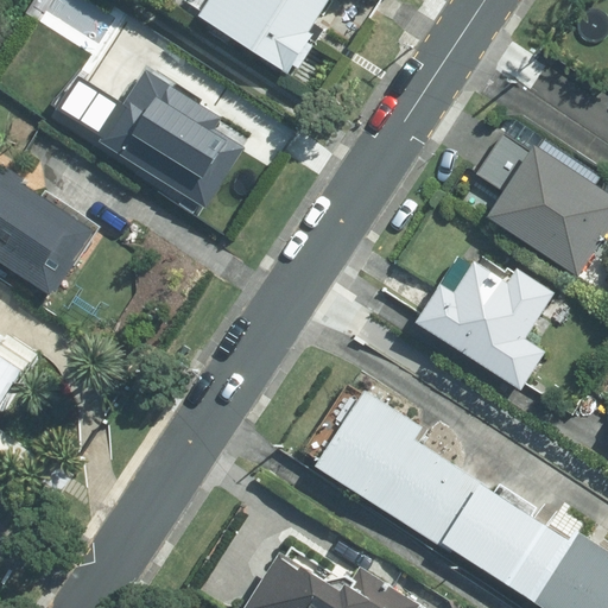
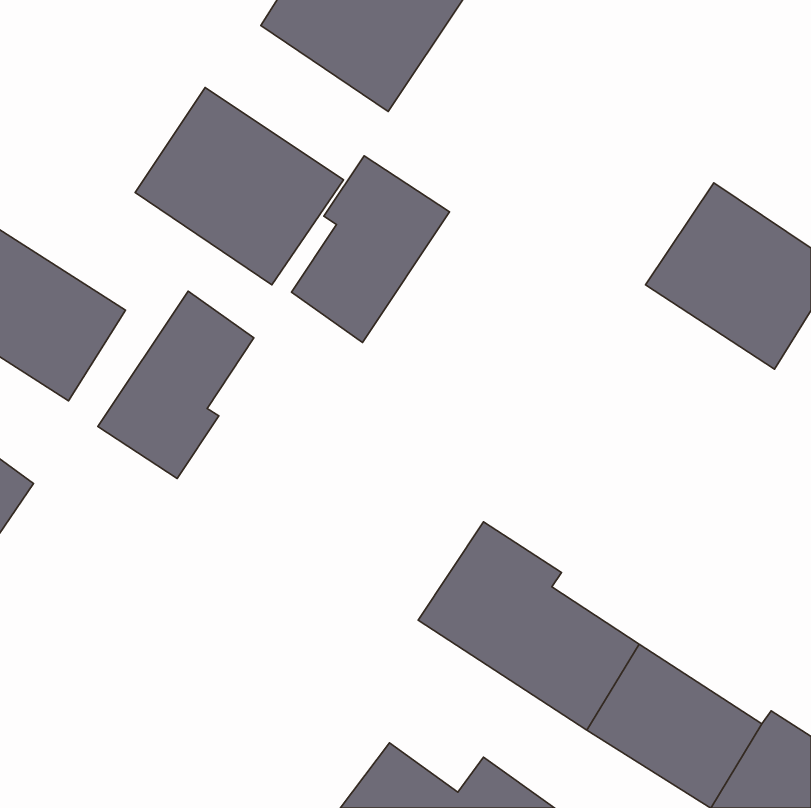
building: none -> [291,156,449,342]
building: none -> [98,291,254,479]
building: [413,243,552,392] -> none

